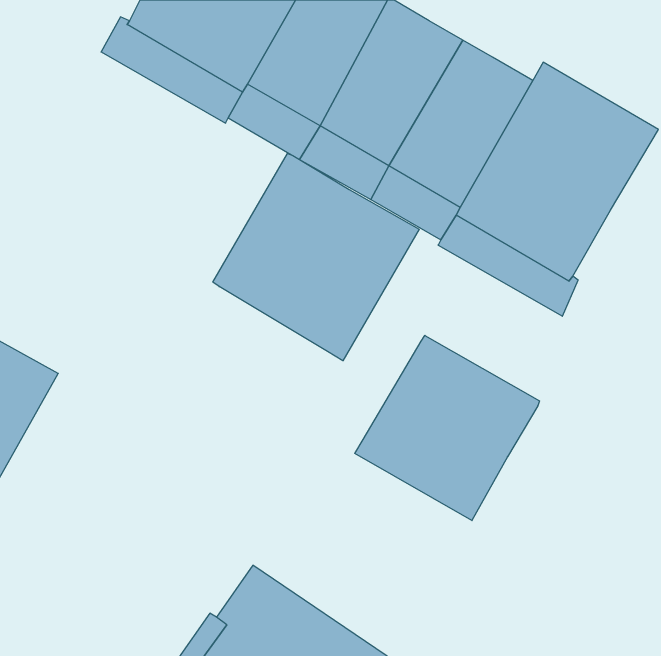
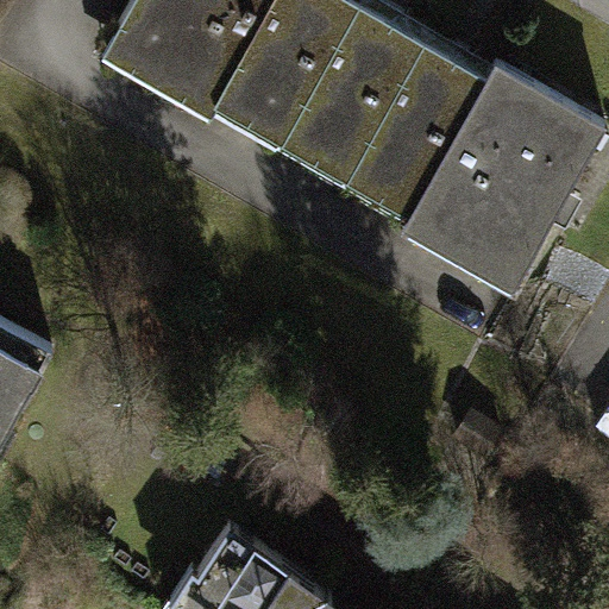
building: [213,154,419,361] -> none
building: [355,335,540,521] -> none

